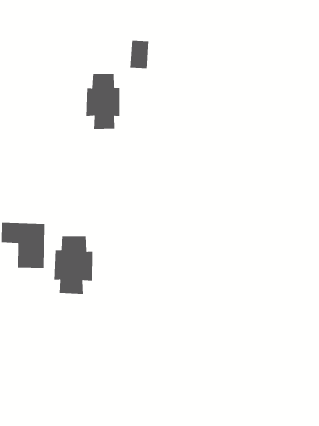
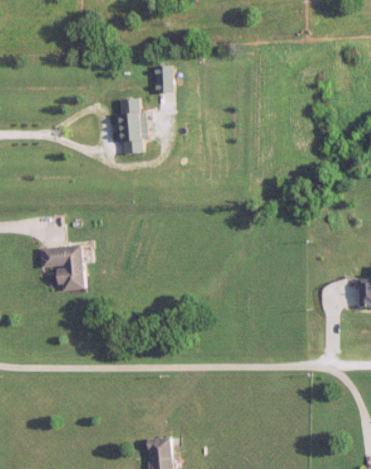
building: [53,235,93,295] -> none

